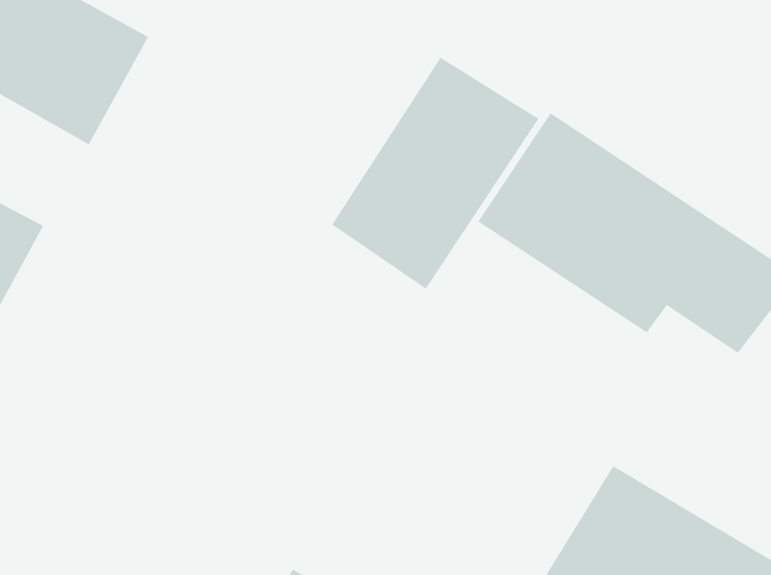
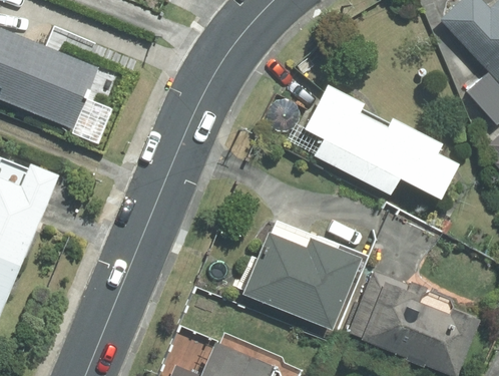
building: [331,57,539,290] -> none
building: none -> [240,221,358,329]

